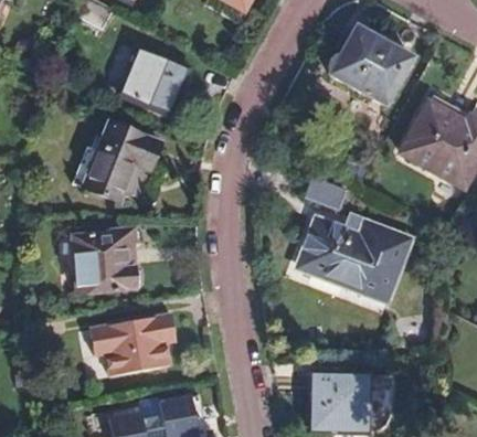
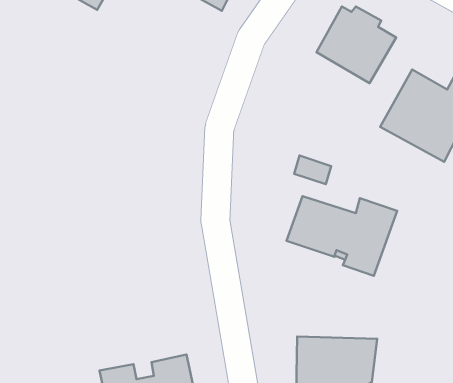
building: [121,49,189,114] -> none
building: [84,121,161,201] -> none
building: [74,233,140,294] -> none
building: [86,312,176,373] -> none

